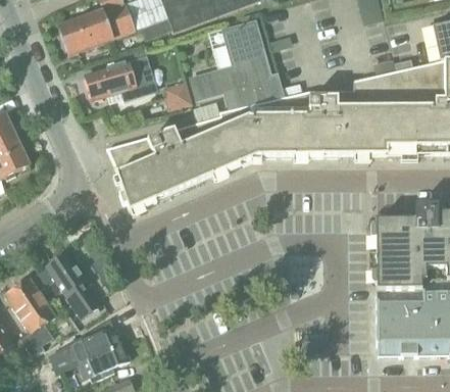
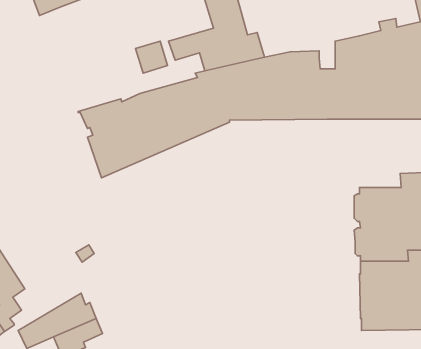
building: [86,56,158,103] -> none
building: [40,250,102,318] -> none

